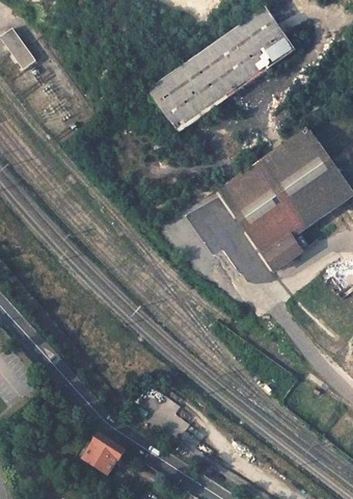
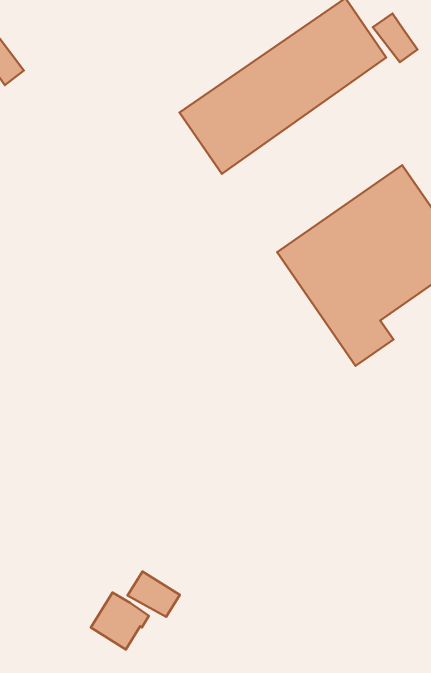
building: none -> [373,14,417,62]
building: none -> [127,572,180,617]

